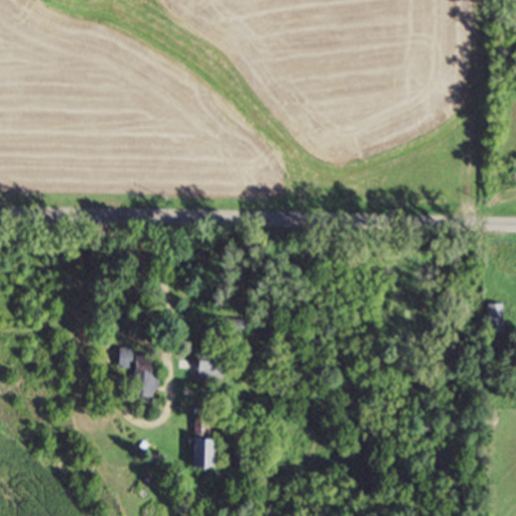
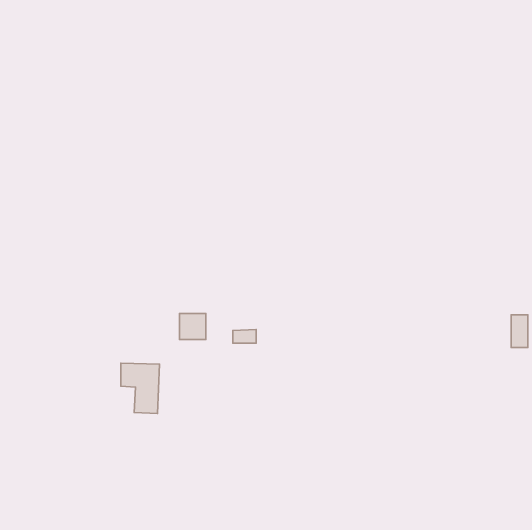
building: [198,355,223,380] -> [179,313,206,340]
building: [191,438,215,468] -> none

